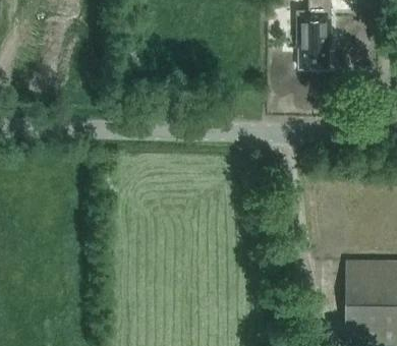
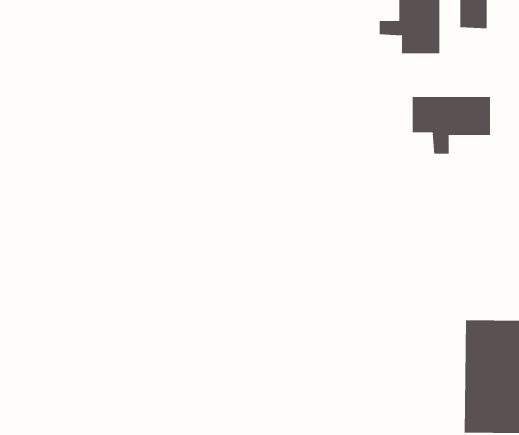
building: none -> [412,96,491,154]

